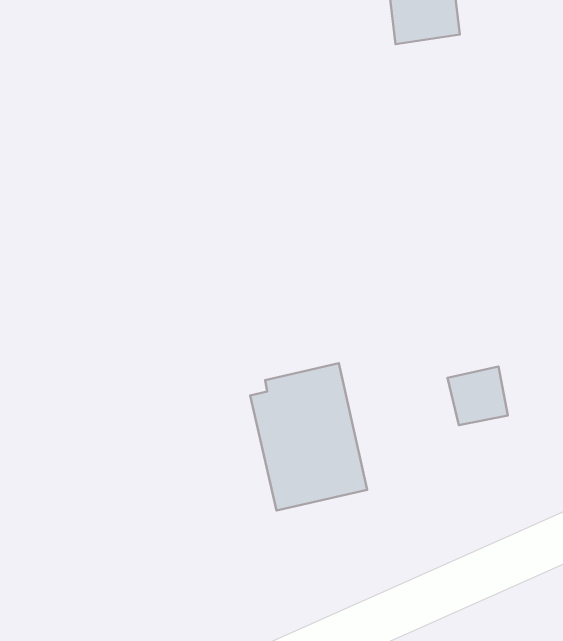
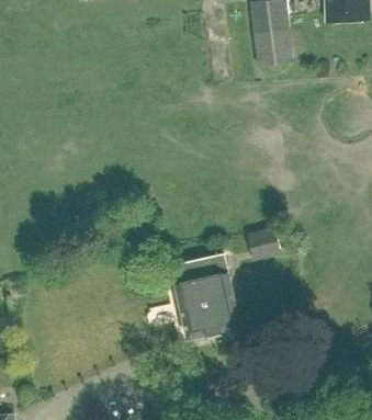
building: [447,366,508,425] -> [246,225,281,259]

